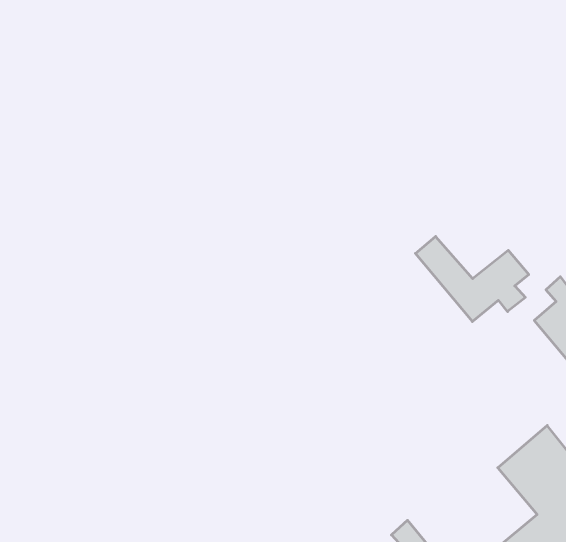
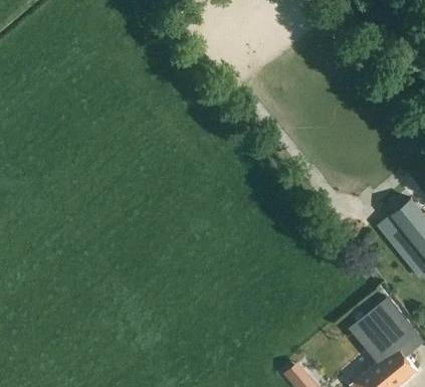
building: [415,236,529,322] -> none

